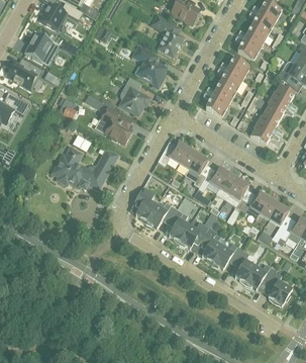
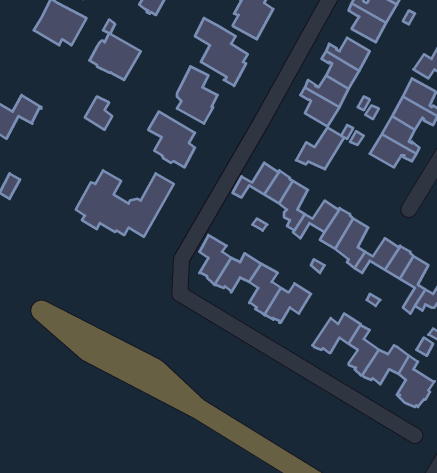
building: [8,58,42,89] -> [89,33,141,80]
building: none -> [296,128,344,169]
building: [202,229,223,263] -> none

